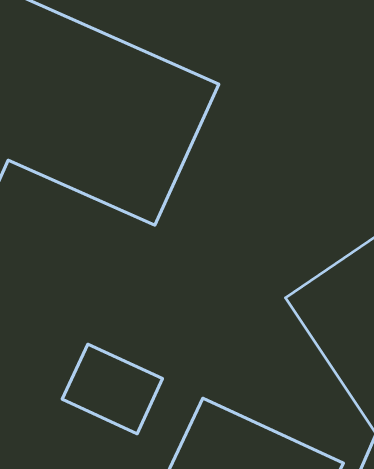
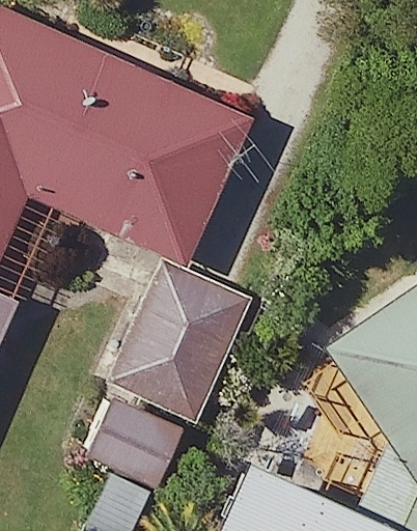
building: none -> [108,264,254,426]

